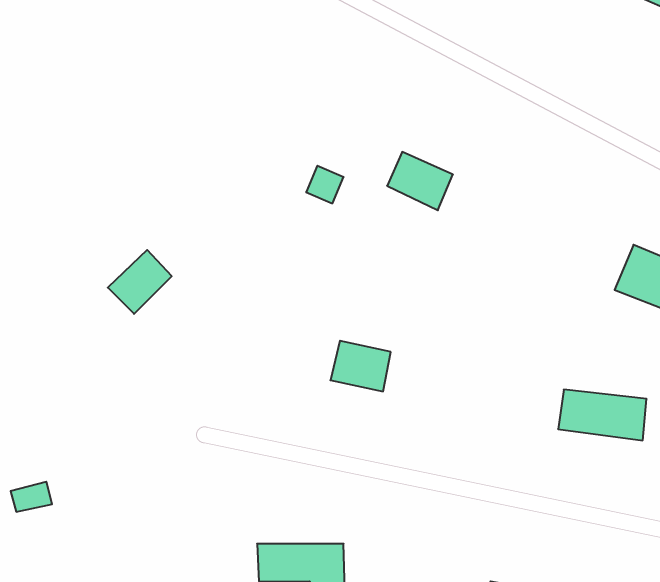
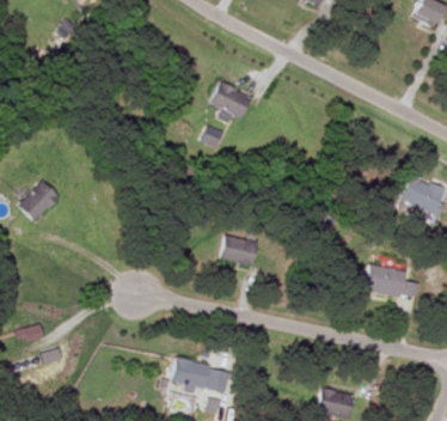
building: [387,152,453,210] -> [212,81,253,118]
building: [108,250,172,314] -> [18,182,59,222]

